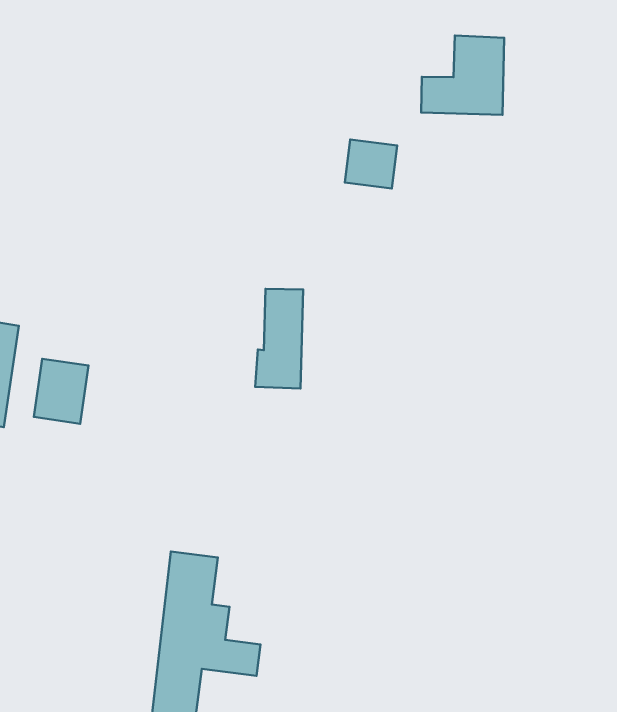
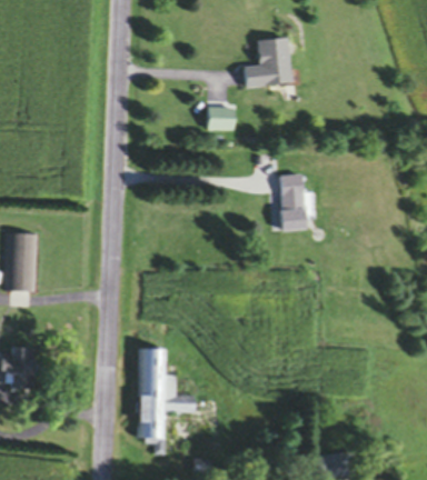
building: [255,289,303,389] -> [281,171,308,229]
building: [34,359,89,424] -> none

